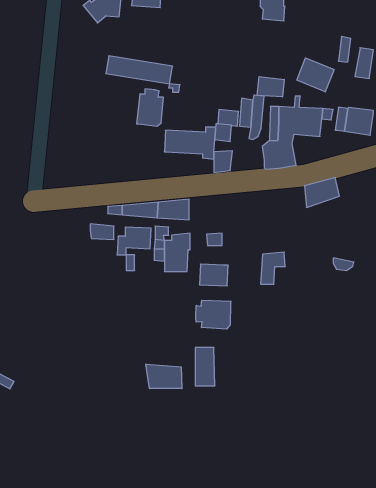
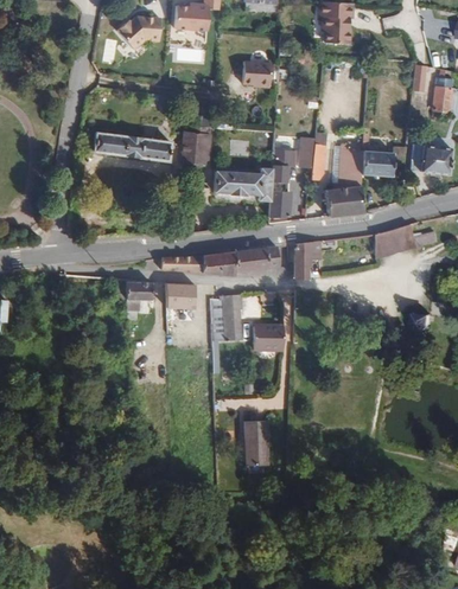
building: none -> [242,62,271,87]
building: [106,56,173,84] -> [95,130,172,162]
building: [297,58,334,92] -> none
building: [257,77,284,97] -> none
building: none -> [241,245,282,271]
building: [261,252,285,284] -> [295,241,324,277]
building: [196,300,231,329] -> none
building: [146,364,182,389] -> none

